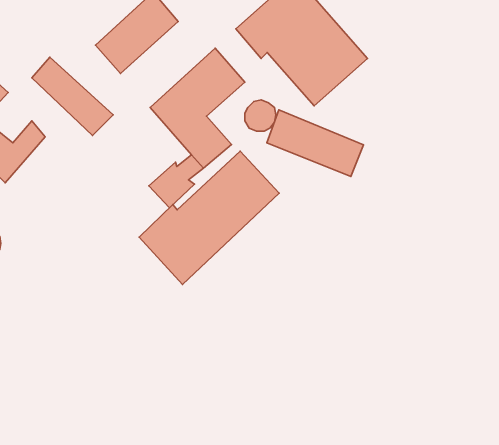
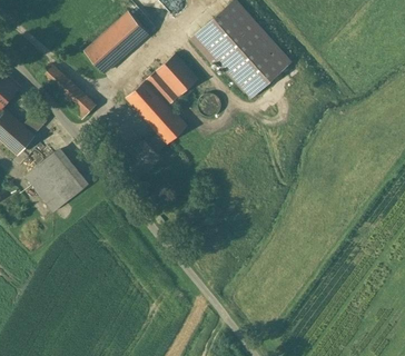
building: [267,110,363,177] -> none
building: [139,151,279,285] -> none
building: none -> [24,151,83,211]

